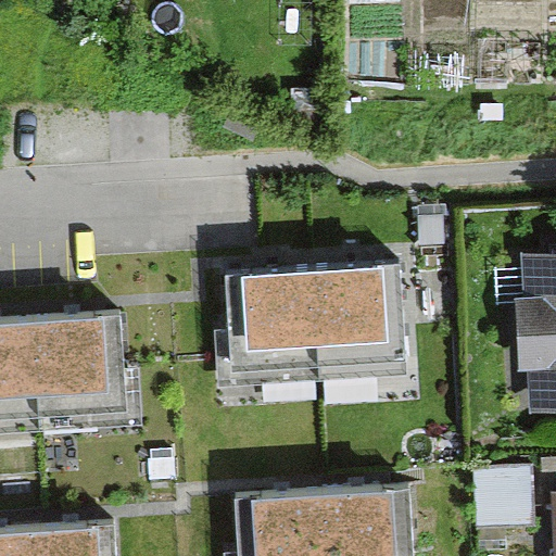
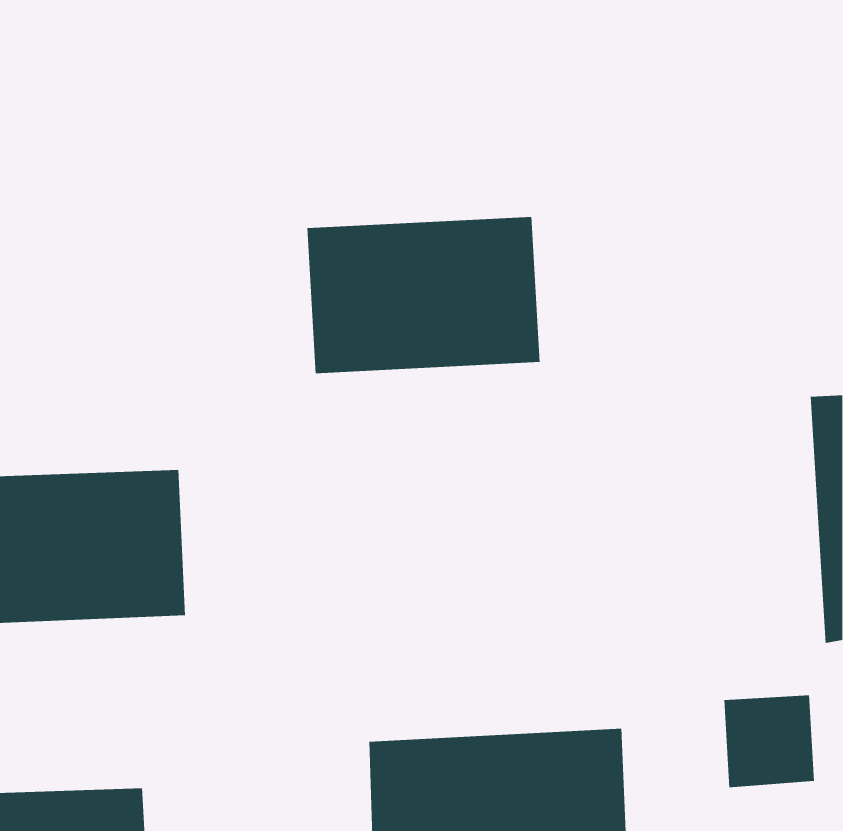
building: [243,257,396,361] -> [306,216,540,374]

